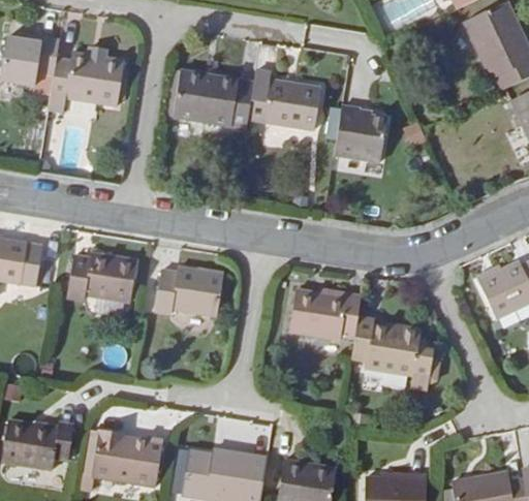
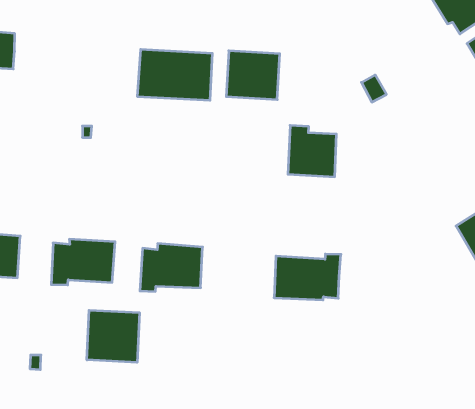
building: [48,55,124,114] -> none
building: [333,106,385,162] -> [288,125,336,177]
building: [351,317,434,388] -> none
building: none -> [87,310,139,362]

